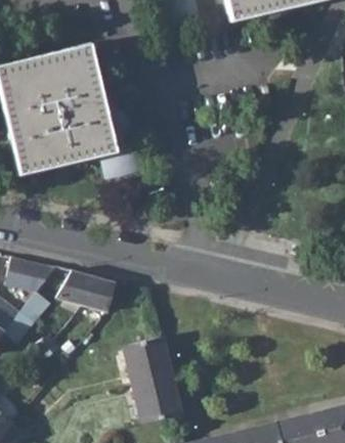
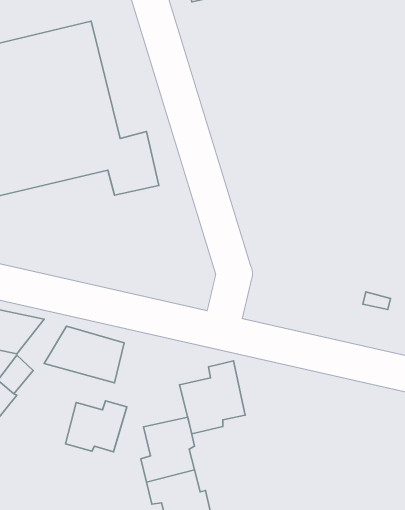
building: none -> [180,361,245,434]
building: none -> [65,401,127,452]

